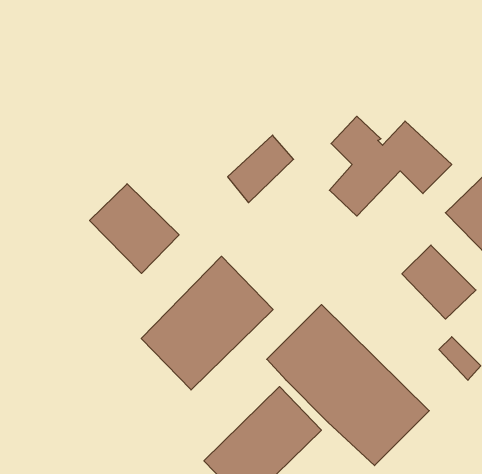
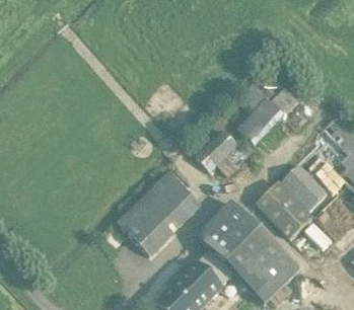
building: [228,135,294,203] -> [197,128,238,170]
building: [90,184,179,273] -> none
building: none -> [256,180,314,239]

